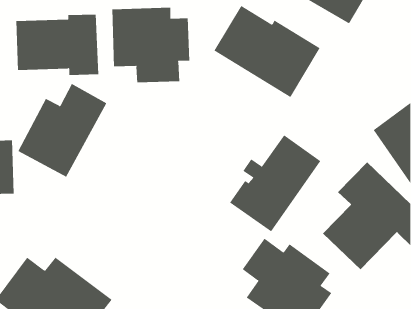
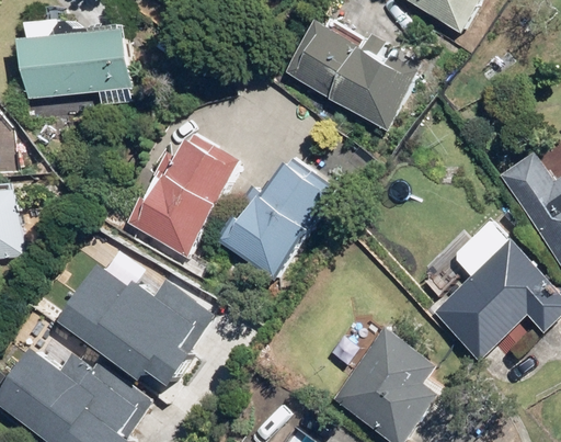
building: [112,7,190,83] -> none
building: [17,83,107,178] -> [121,132,239,257]
building: [229,135,321,232] -> [219,151,341,281]
building: none -> [61,262,209,390]

